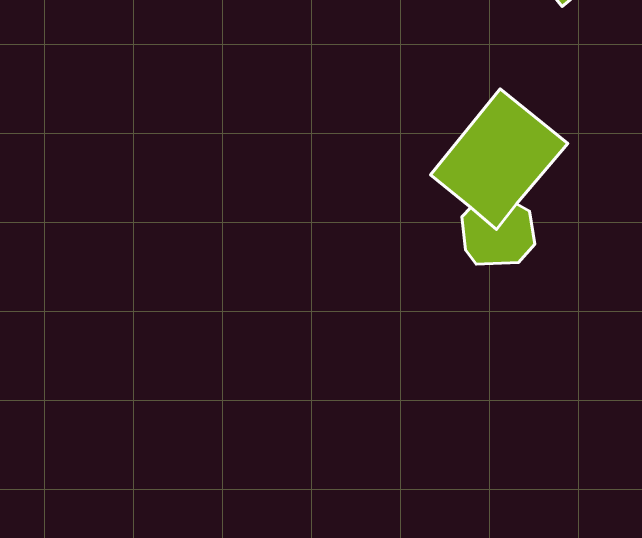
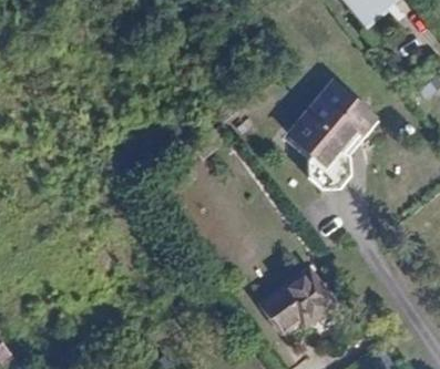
building: none -> [258,267,331,330]

